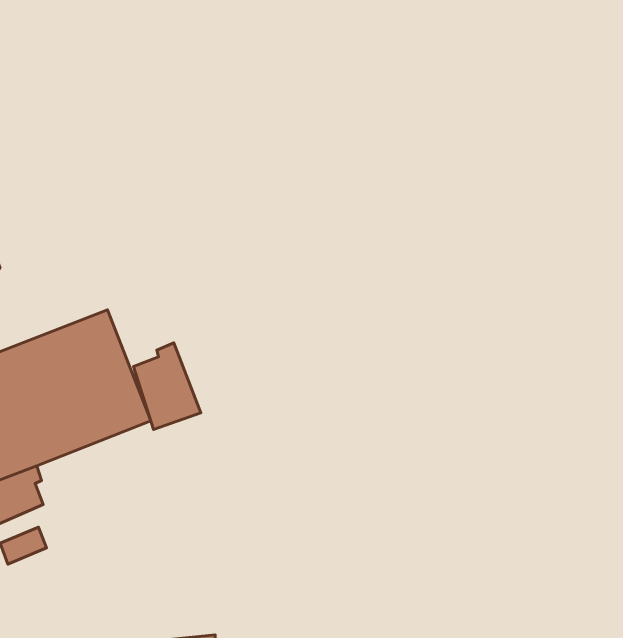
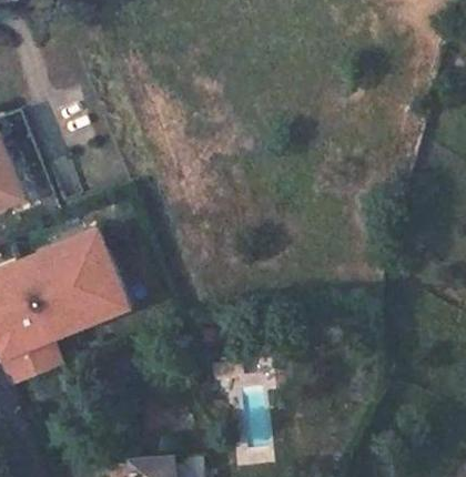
building: [134,343,201,430] -> none

